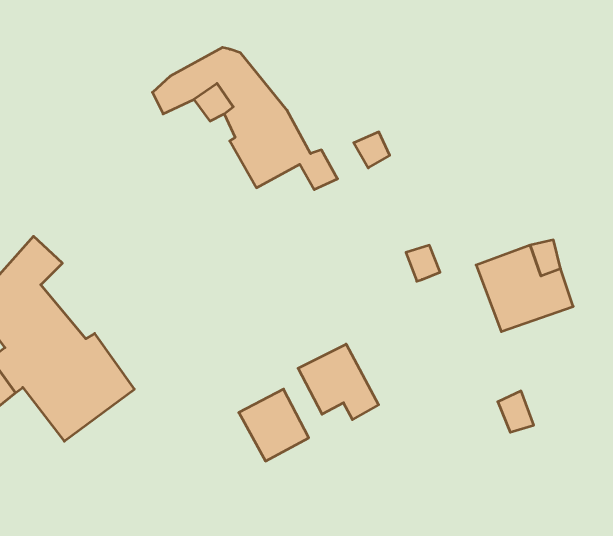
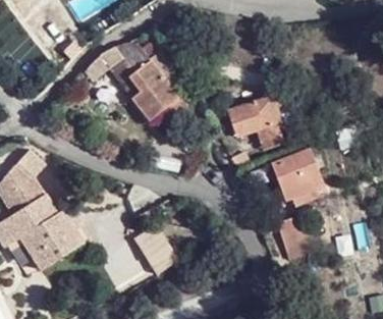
building: none -> [232,101,285,138]
building: [298,344,379,420] -> none

